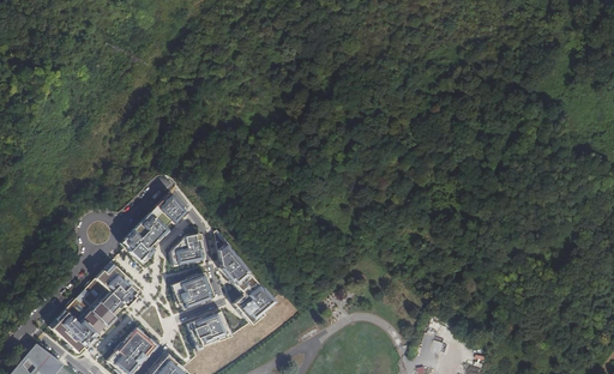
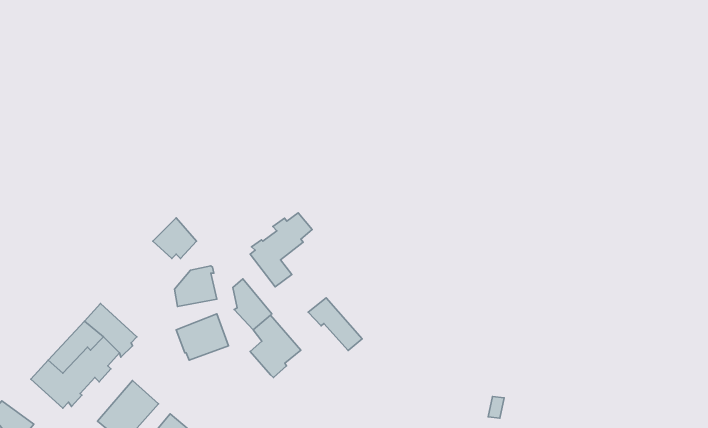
building: none -> [250,213,312,287]
building: [124,211,171,263] -> none
building: none -> [308,298,362,351]
building: [186,309,230,349] -> none

